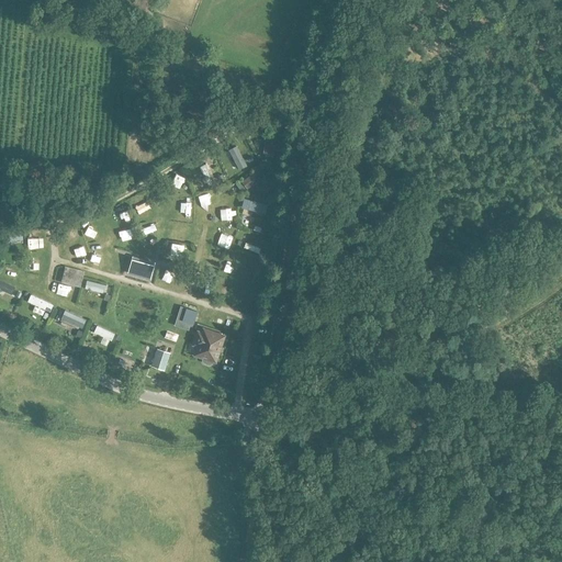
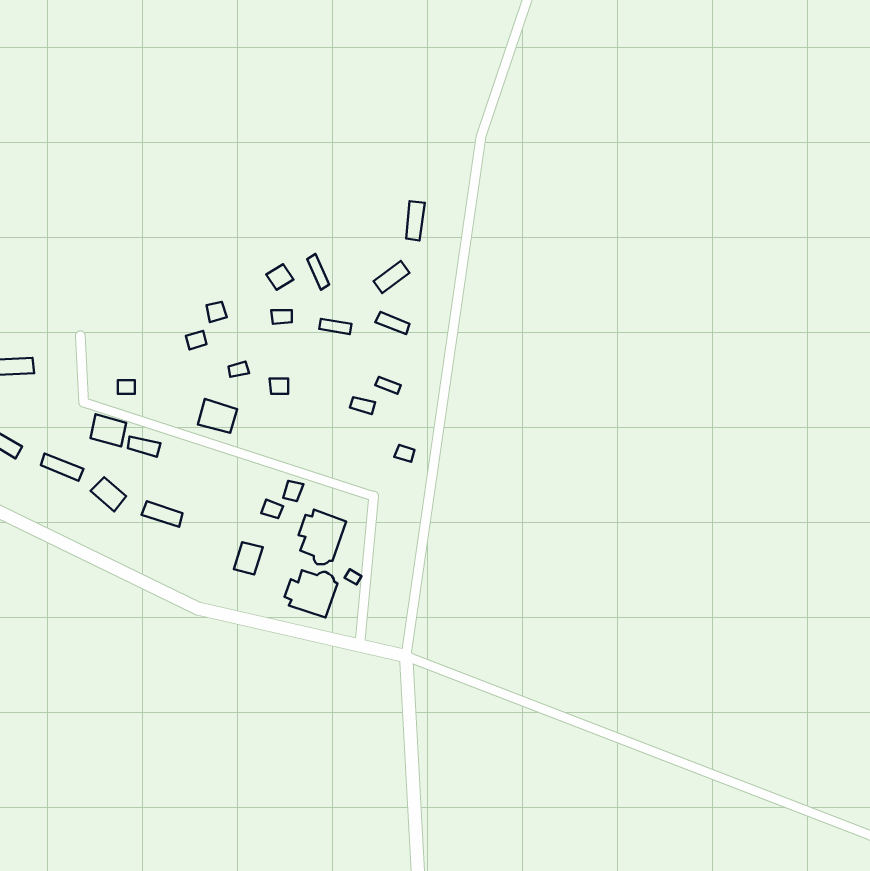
building: none -> [284,570,337,618]

